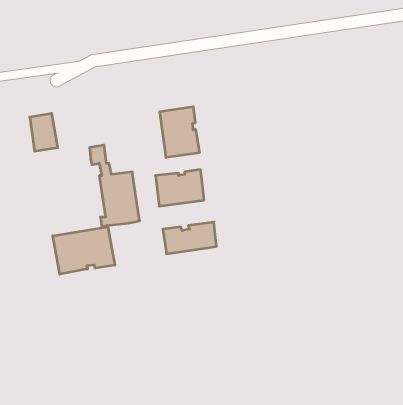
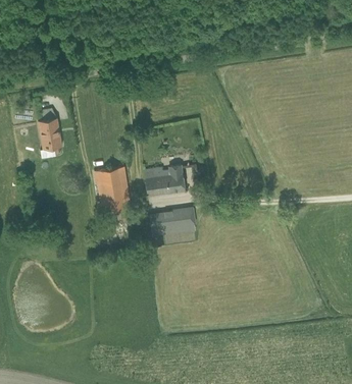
building: [160,107,199,158] -> none
building: [53,227,115,274] -> none

